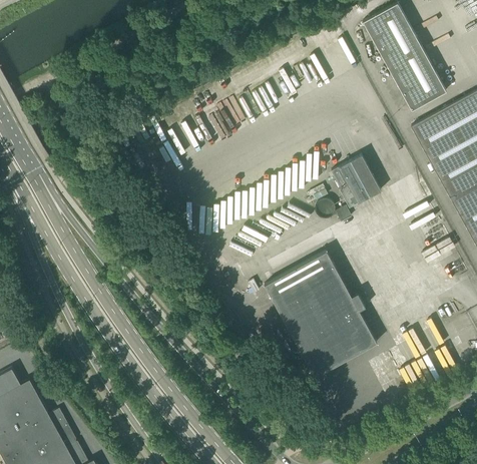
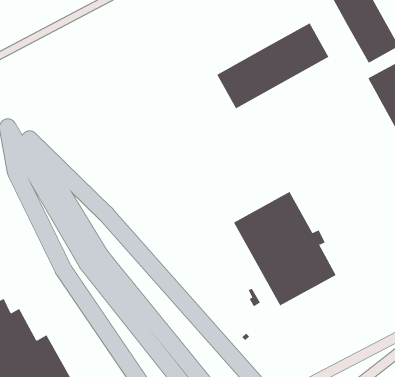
building: none -> [217,23,329,109]
building: [331,154,381,207] -> none

